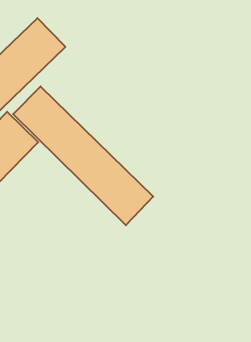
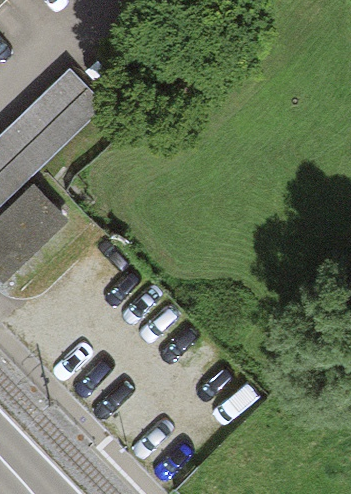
building: [13,86,153,225] -> none

